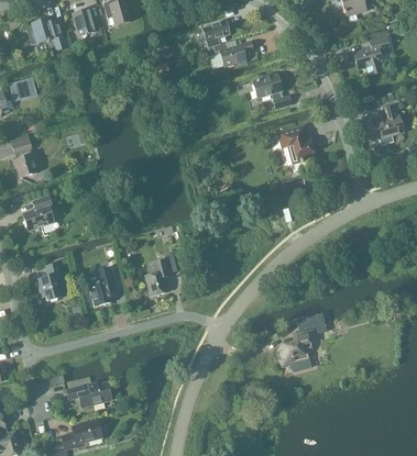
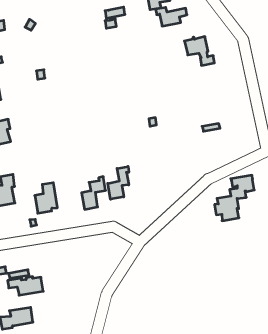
building: [279,125,317,162] -> none
building: none -> [108,166,129,199]
building: [281,312,327,370] -> [215,175,254,221]

